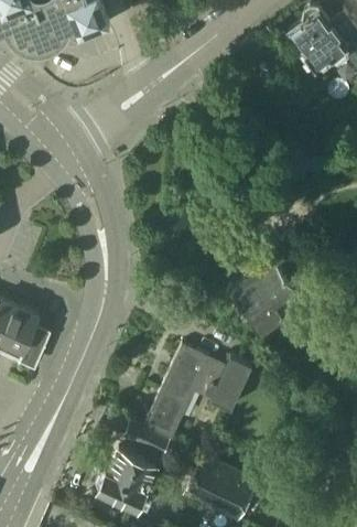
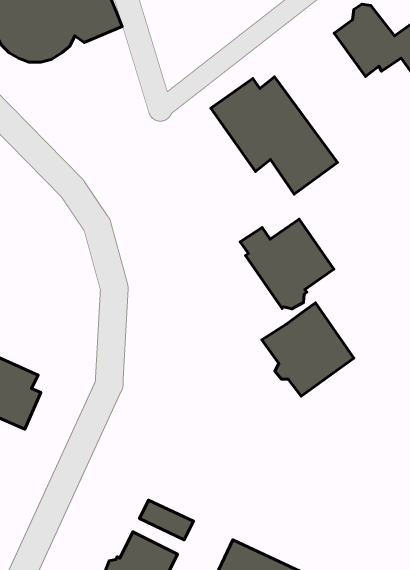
building: none -> [211,77,338,194]
building: none -> [240,219,334,309]
building: [143,345,251,439] -> none

